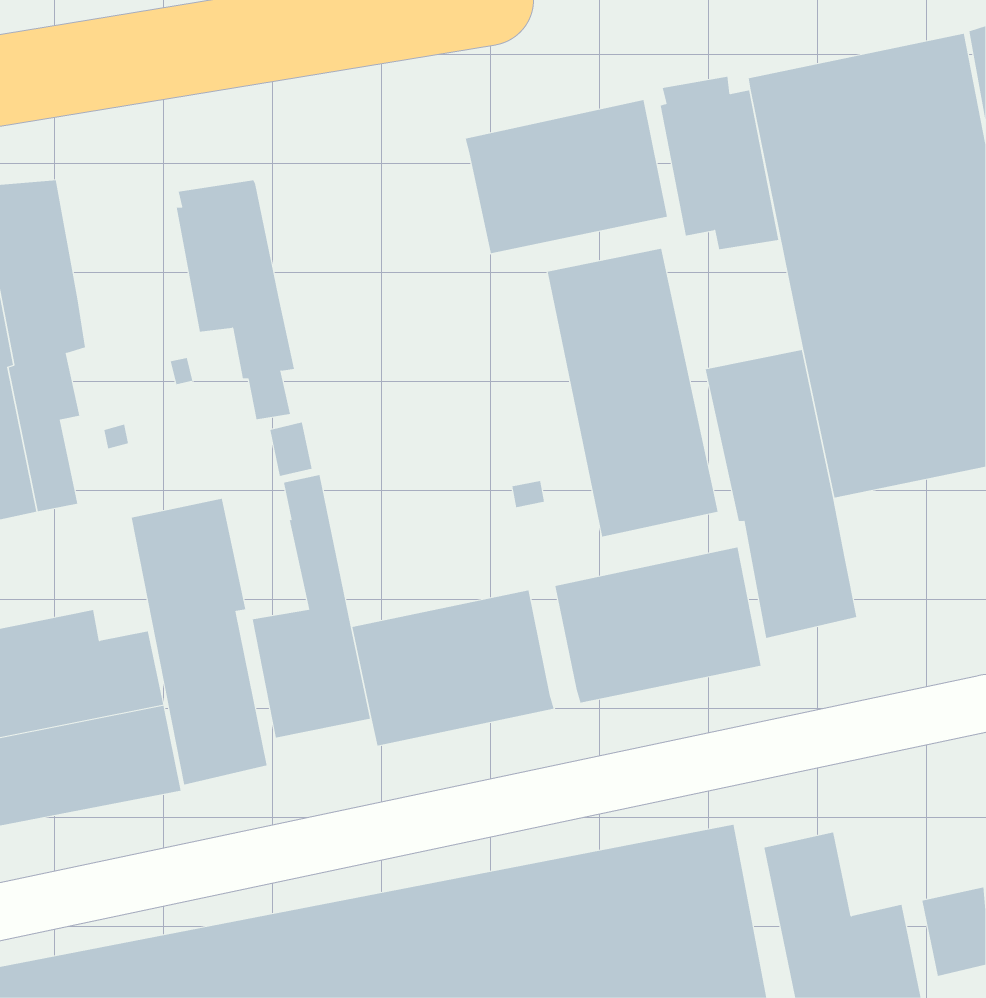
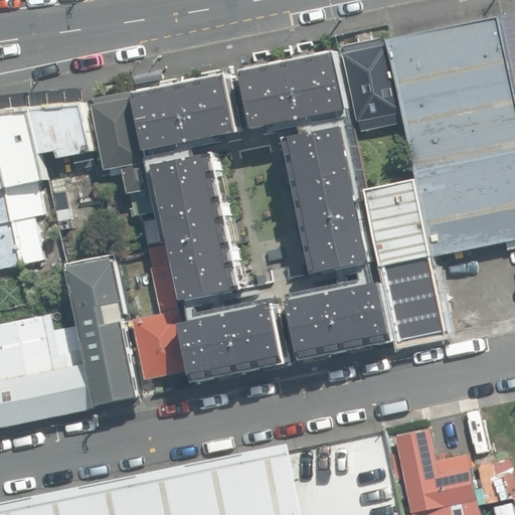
building: none -> [132,74,239,153]
building: none -> [29,84,92,158]
building: none -> [152,154,241,304]

